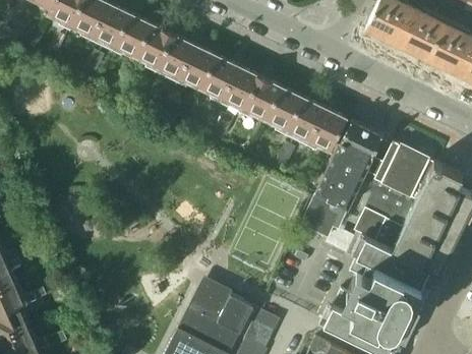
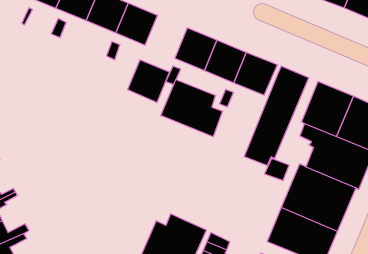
building: [194,54,244,105] -> [128,60,169,103]
building: none -> [161,80,223,137]
building: [355,203,384,240] -> none

